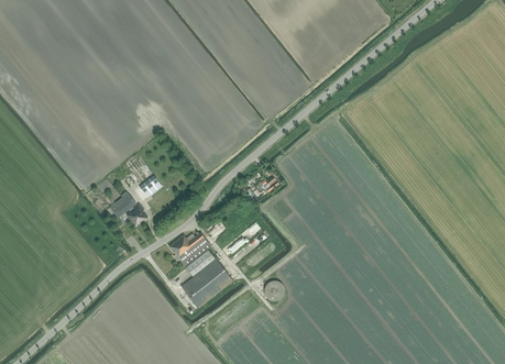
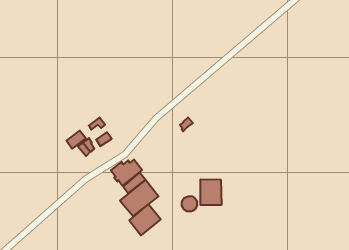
building: none -> [200,179,221,205]
building: none -> [129,204,161,235]

